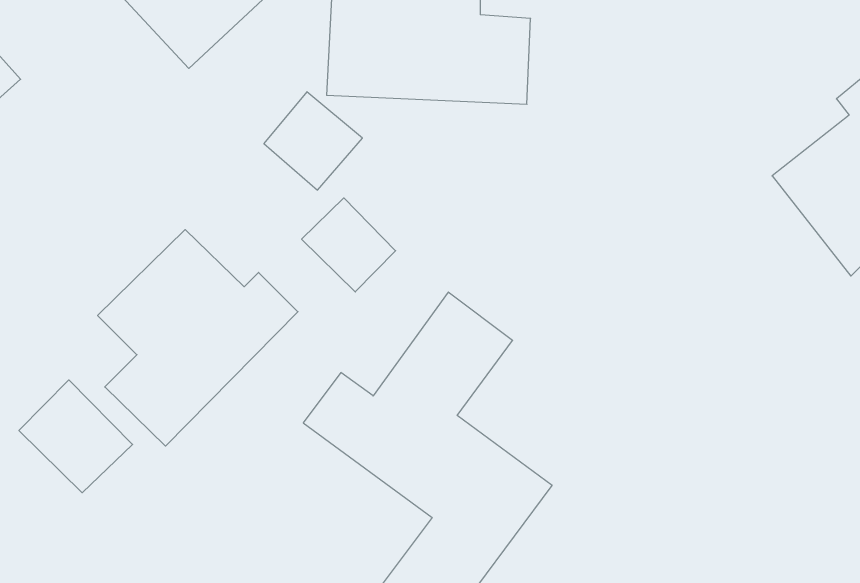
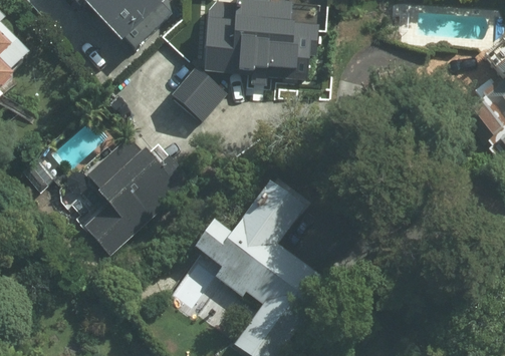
building: [302,198,396,292] -> none
building: [19,380,133,493] -> none

